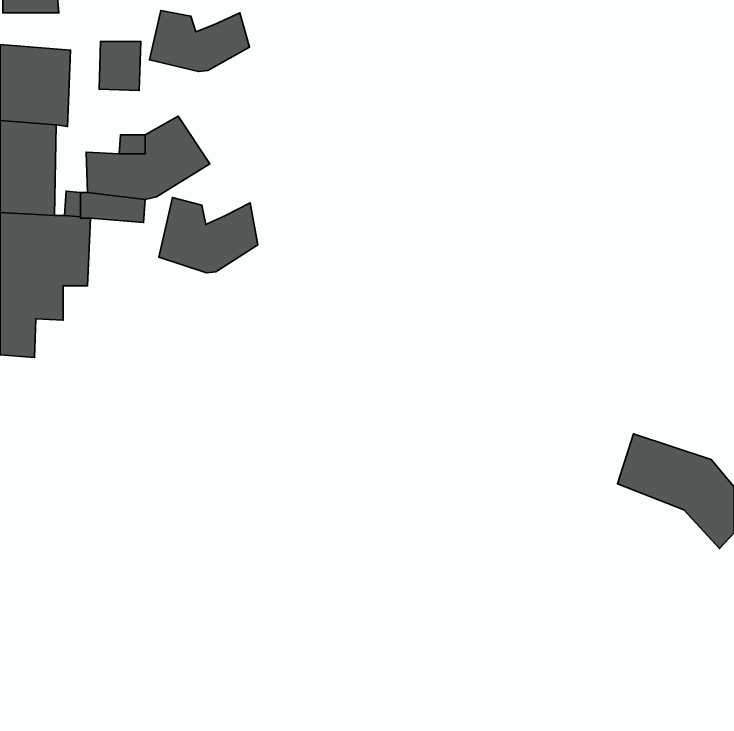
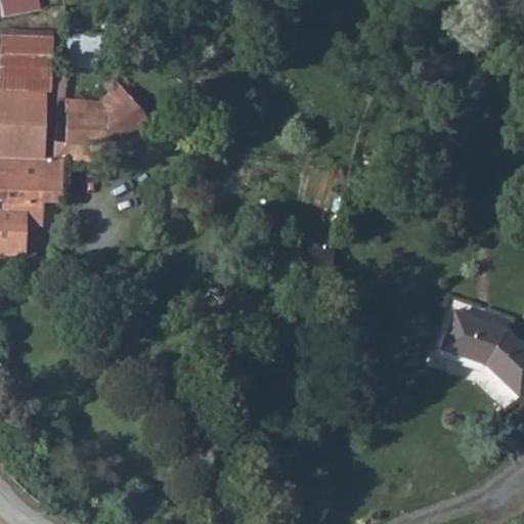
building: [149,11,250,72] -> none
building: [159,197,258,273] -> none

